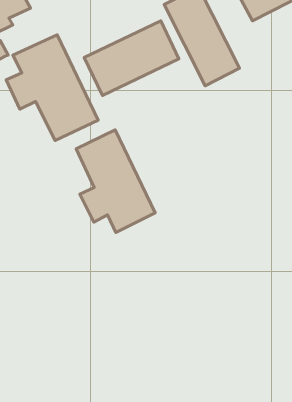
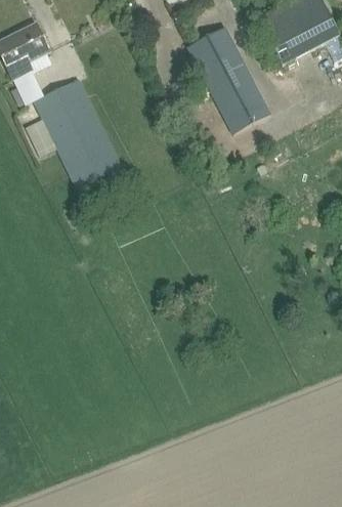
building: [84,21,179,96] -> none
building: [76,130,155,232] -> none

